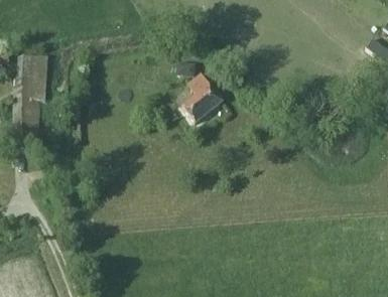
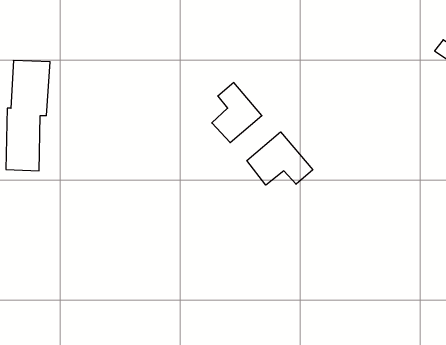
building: none -> [247,132,313,185]

